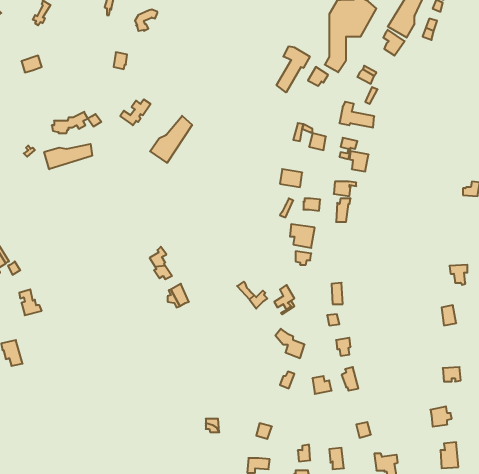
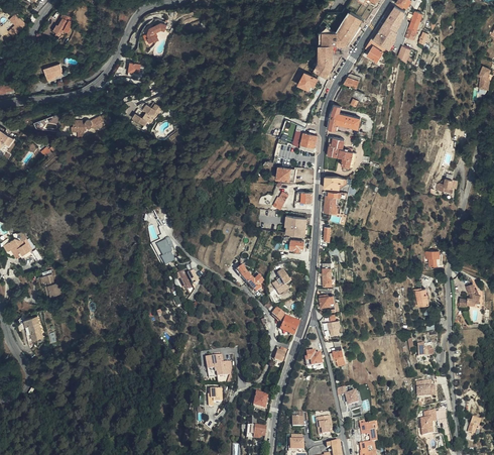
building: [277,46,310,92] -> none
building: [150,116,192,163] -> none
building: [44,144,92,169] -> none
building: none -> [205,355,233,378]

